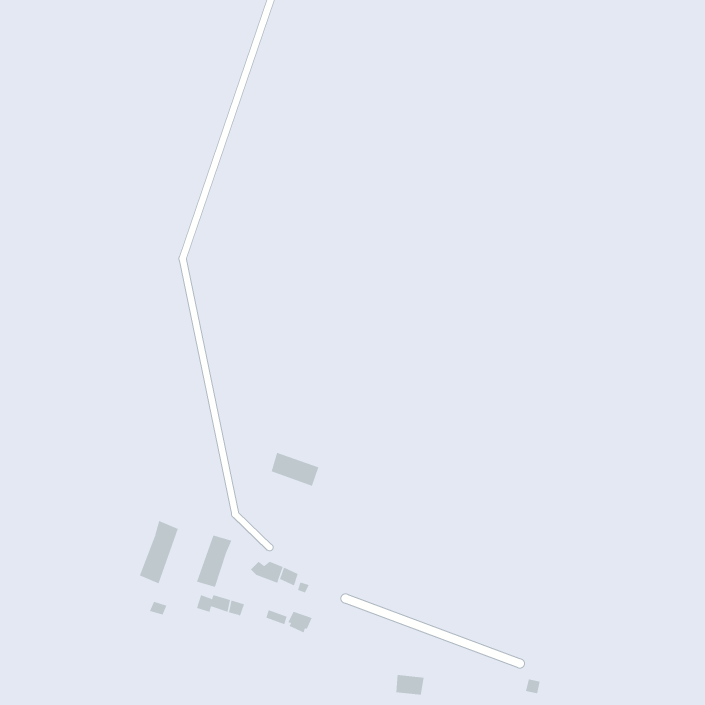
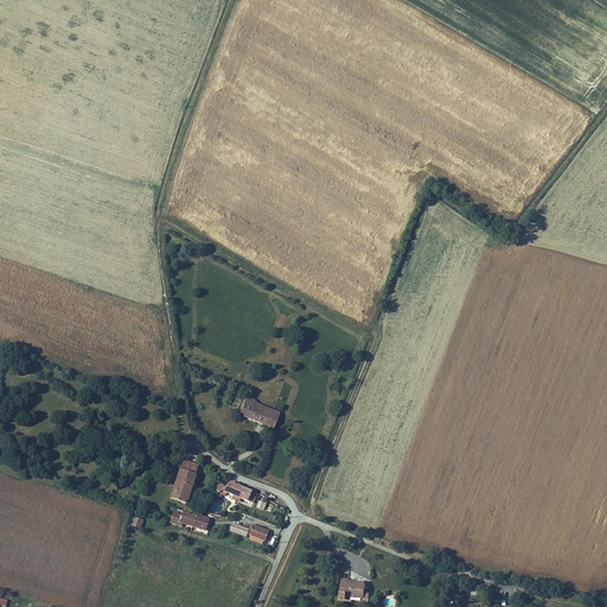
building: [139,520,178,584] -> none

